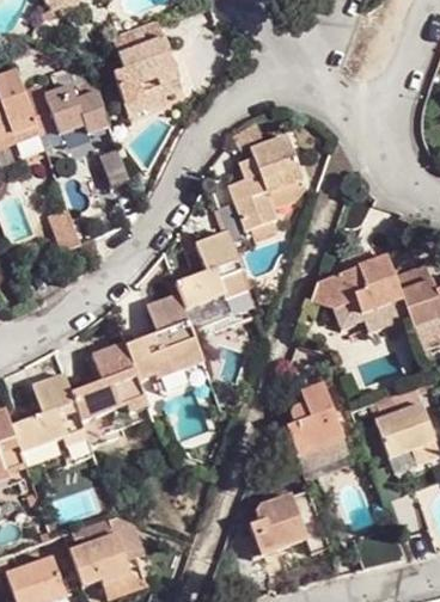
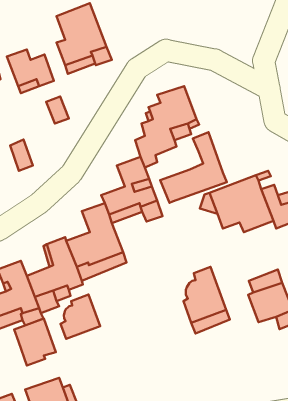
building: none -> [160,132,227,203]
building: none -> [60,294,100,339]
building: none -> [14,319,56,366]
building: [250,486,331,557] -> none

